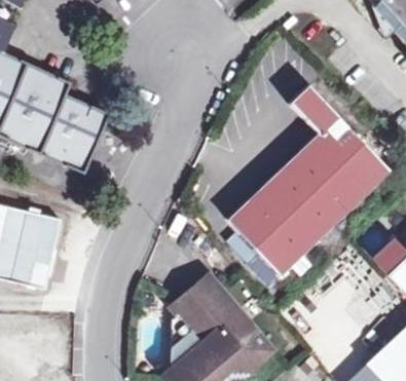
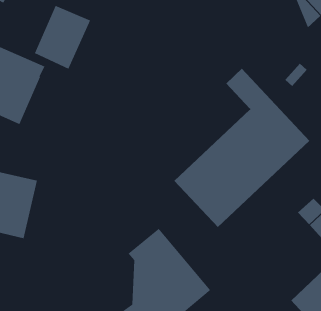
building: [41,94,110,173] -> [34,5,91,70]

